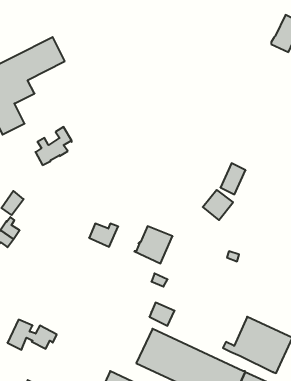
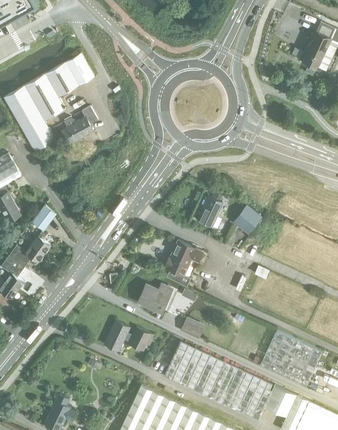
building: [35,127,72,165] -> [61,106,97,144]
building: [220,163,246,194] -> [197,196,222,227]
building: [89,224,118,247] -> [140,287,169,310]
building: [7,320,57,350] -> [104,321,153,351]

